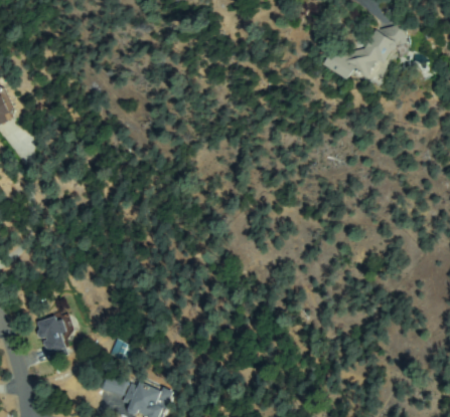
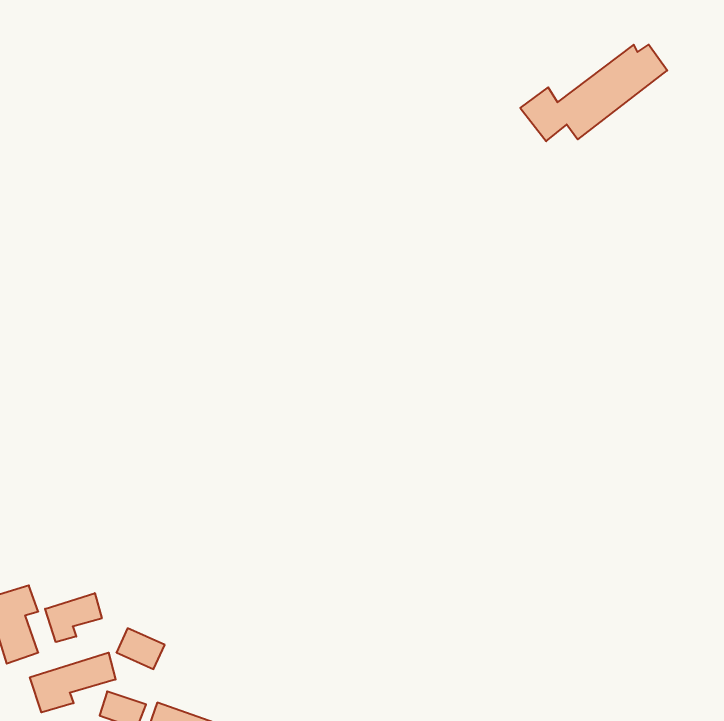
building: none -> [45,593,102,642]
building: none -> [30,653,116,712]

